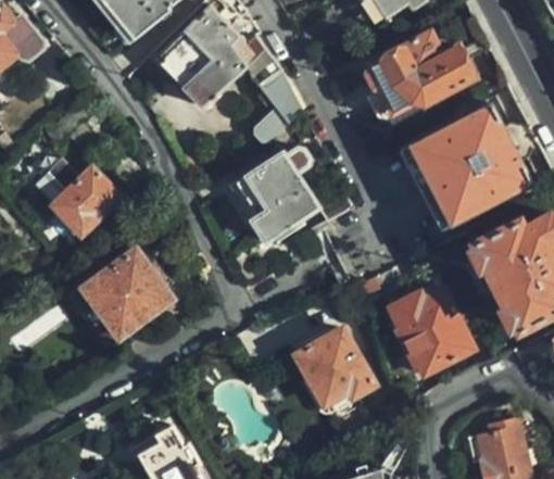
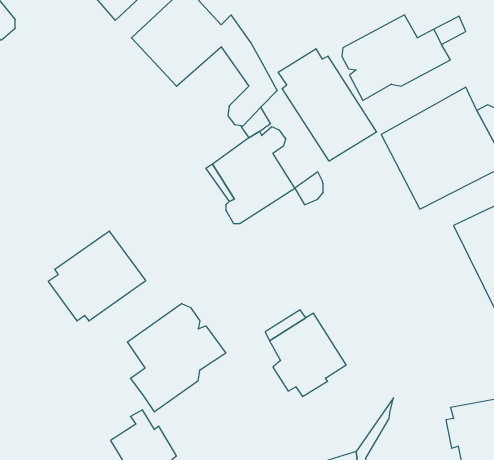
building: none -> [278,49,377,161]
building: [40,159,116,236] -> none
building: [387,290,469,376] -> none
building: none -> [127,303,226,412]

